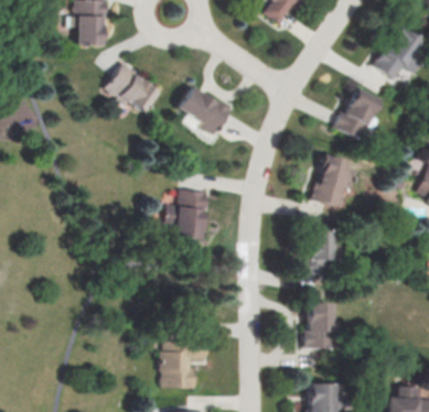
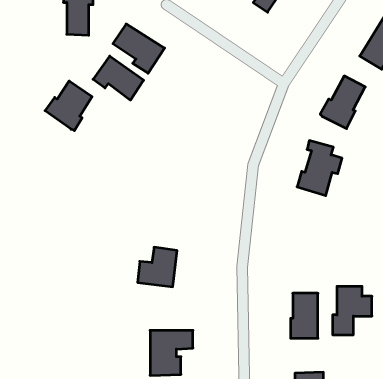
building: [180,85,232,134] -> [113,24,165,73]
building: none -> [45,81,92,131]
building: [165,189,205,229] -> [138,247,177,287]
building: [303,227,343,275] -> [333,286,372,335]

